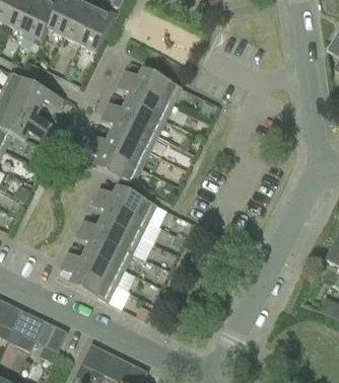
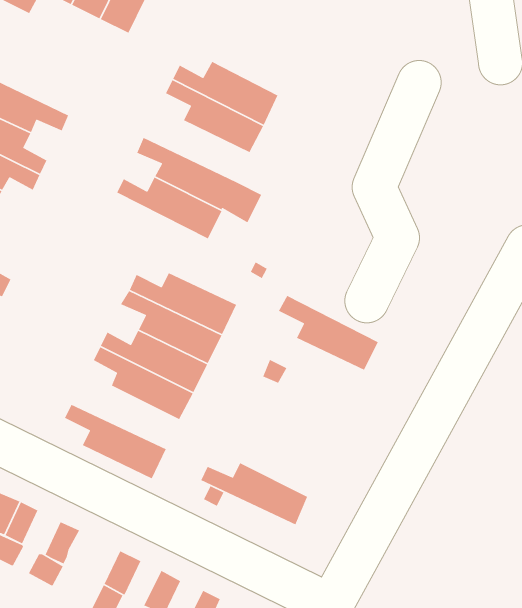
building: [104,101,163,136] -> none
building: [83,142,140,184] -> [278,295,379,371]
building: [63,250,124,286] -> [200,462,308,525]

